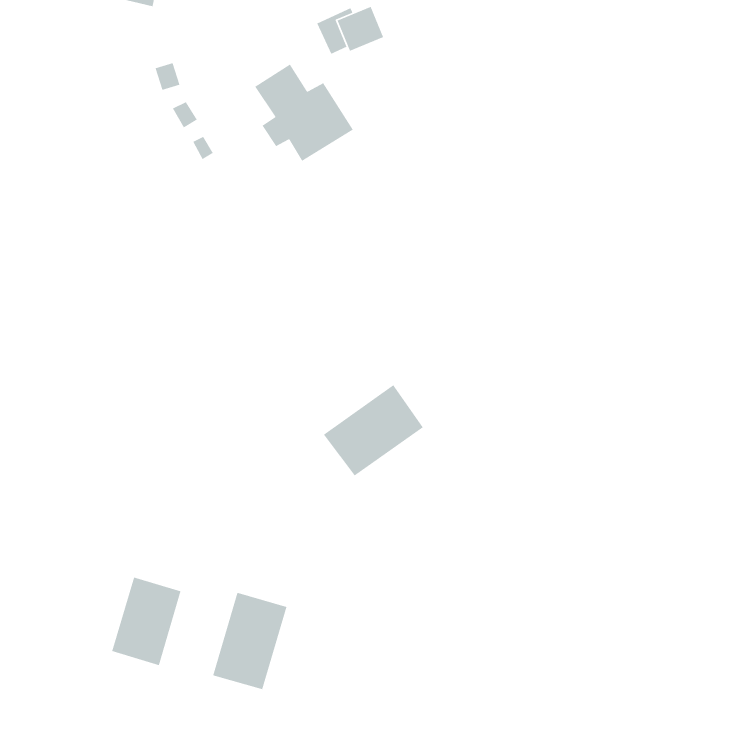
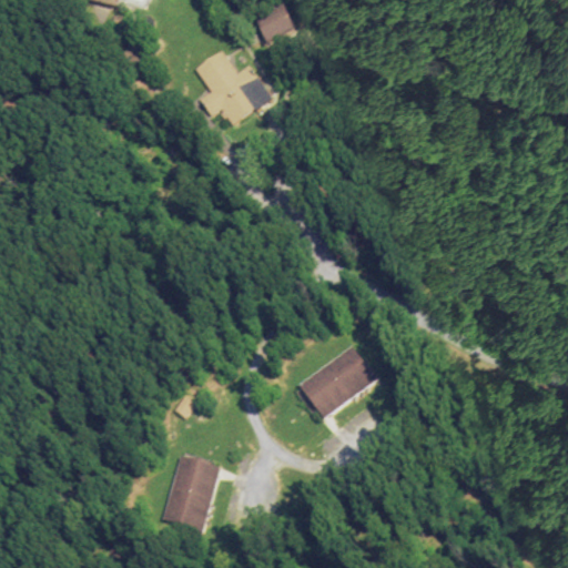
building: [323,384,424,476] -> [298,346,376,417]
building: [111,576,181,666] -> none

